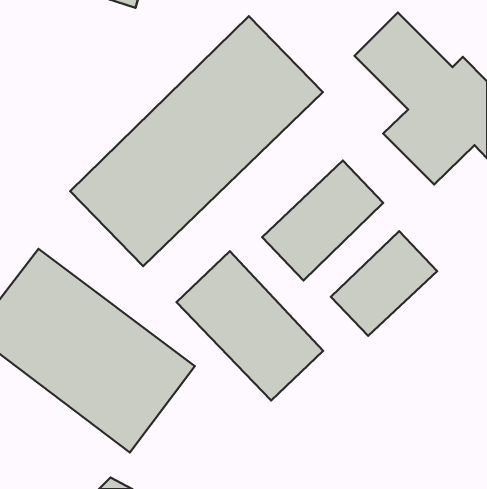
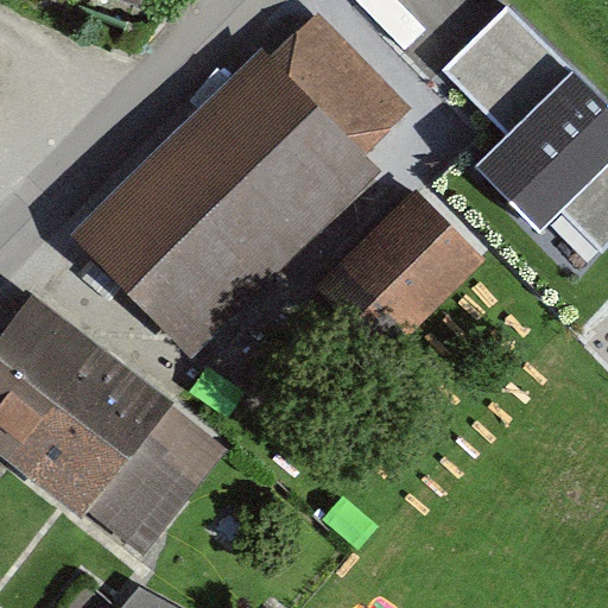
building: [331,231,437,336] -> none
building: [177,251,323,401] -> none

